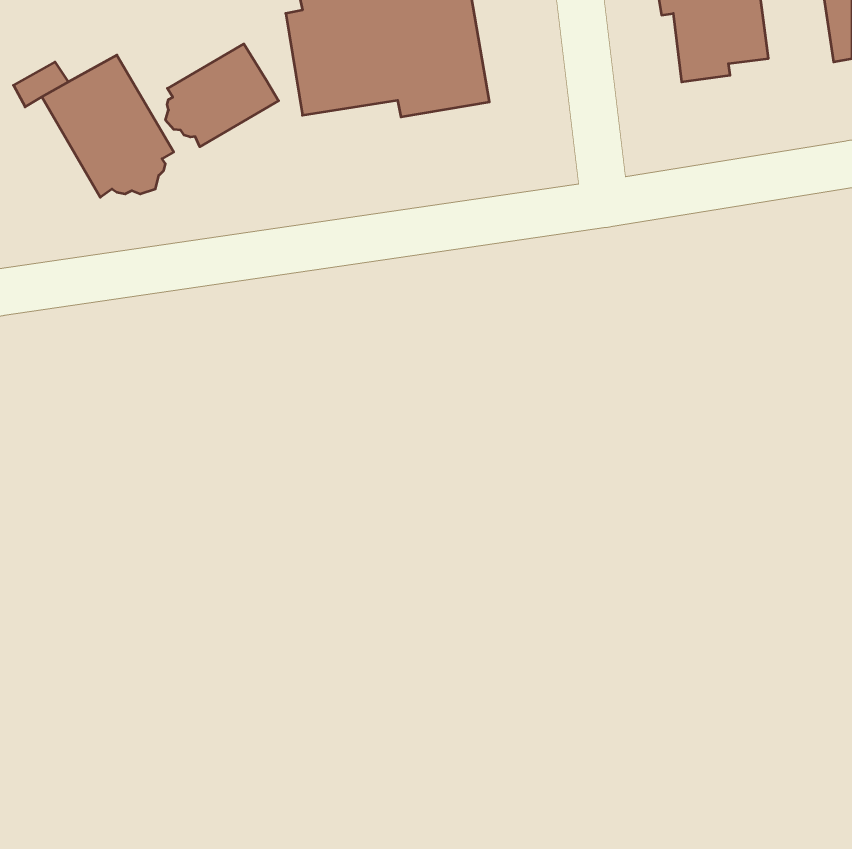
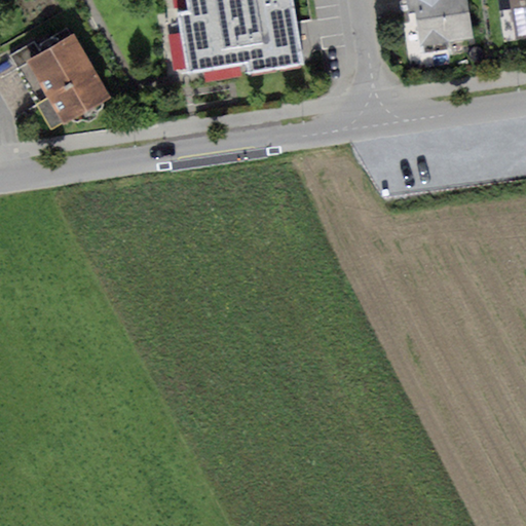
building: [166,44,279,147] -> none

